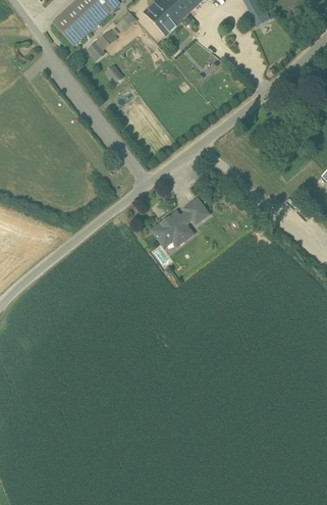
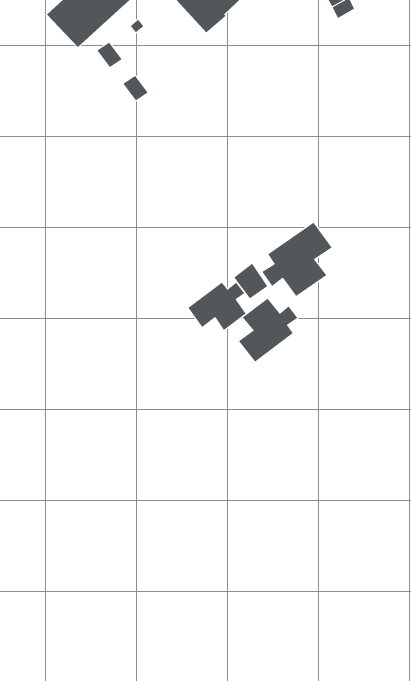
building: none -> [261,222,332,297]
building: none -> [238,298,298,362]

